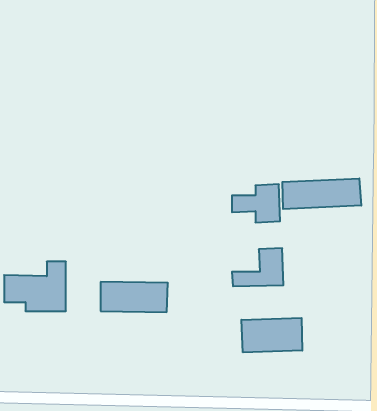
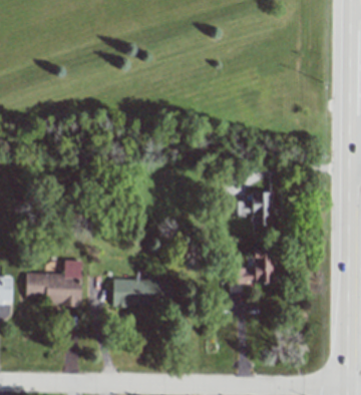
building: [282,178,361,209] -> none
building: [241,318,302,352] -> none

